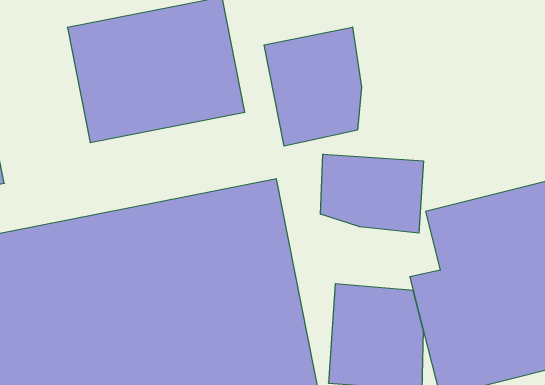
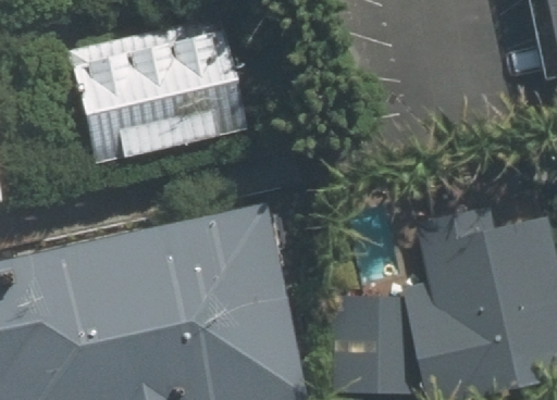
building: [264,27,362,146] -> none
building: [320,154,423,233] -> none

